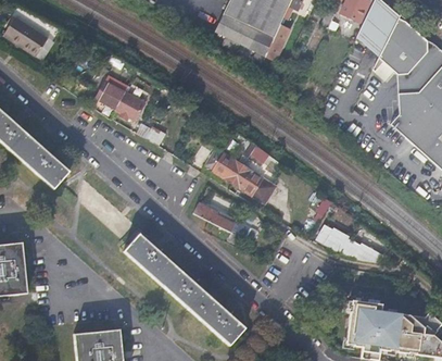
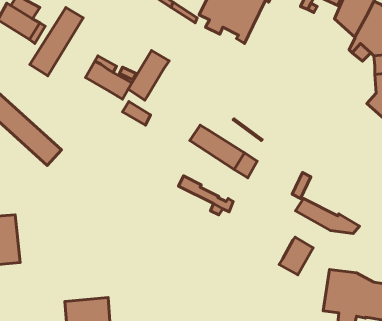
building: none -> [30,8,83,76]
building: none -> [128,51,169,100]
building: [124,233,243,344] -> none
building: none -> [279,237,313,275]

